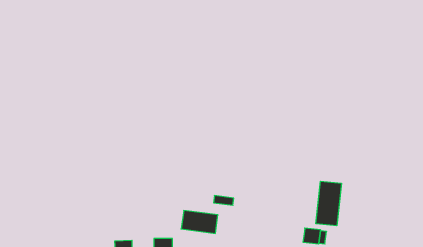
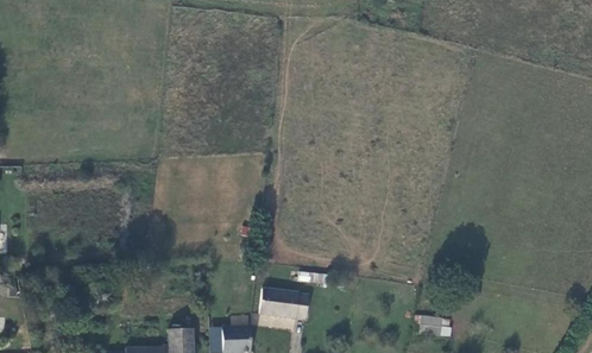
building: [316,181,341,226] -> none

